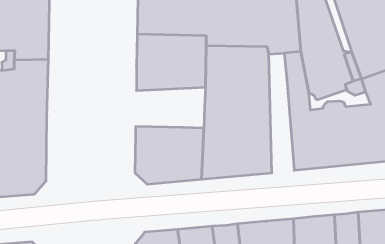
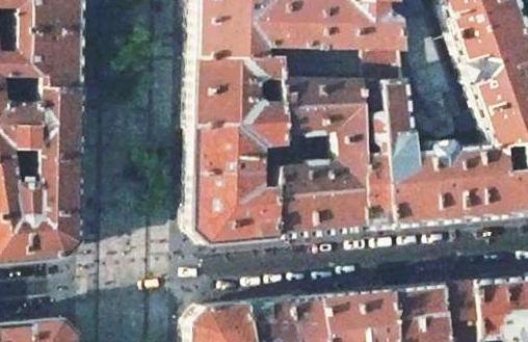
building: none -> [361,78,393,229]
building: none -> [192,121,281,173]

